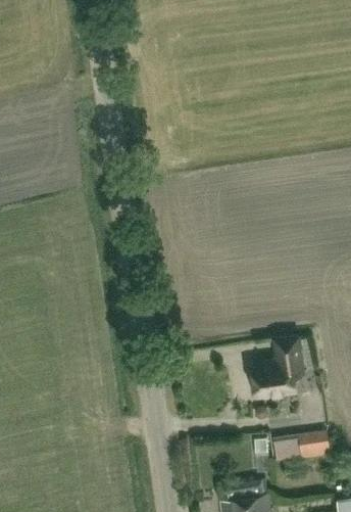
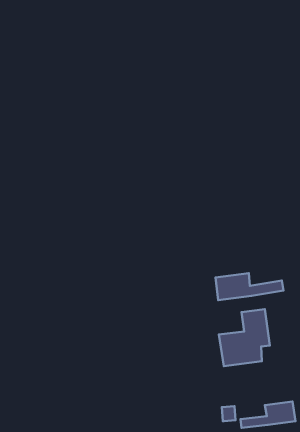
building: none -> [215,273,283,300]

